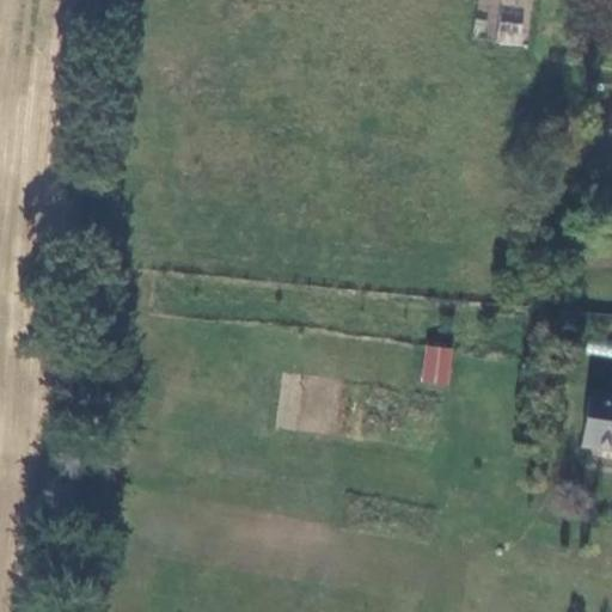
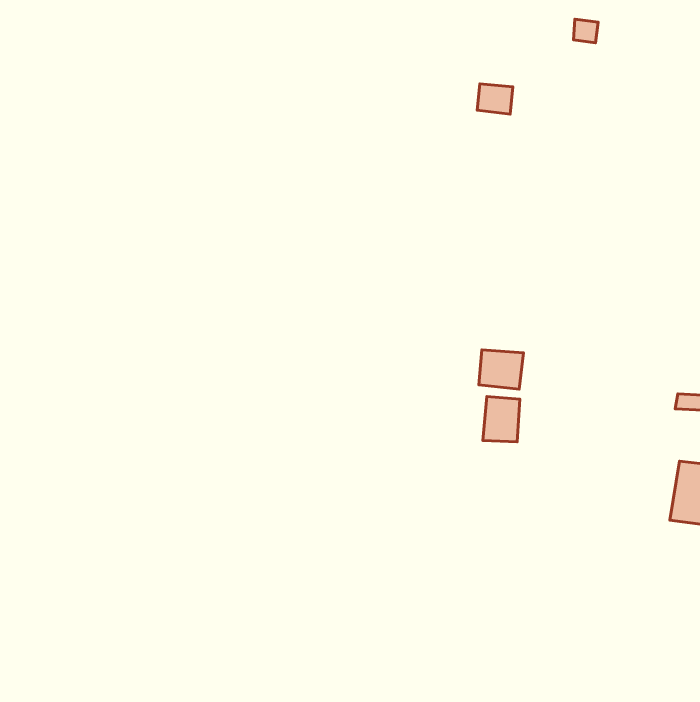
building: none -> [479,350,524,389]

